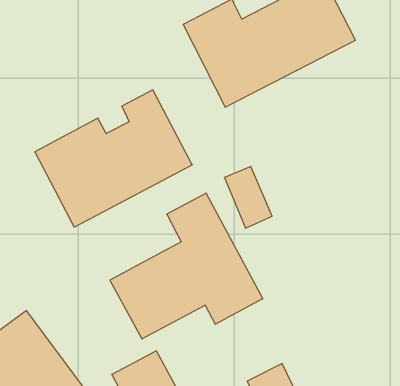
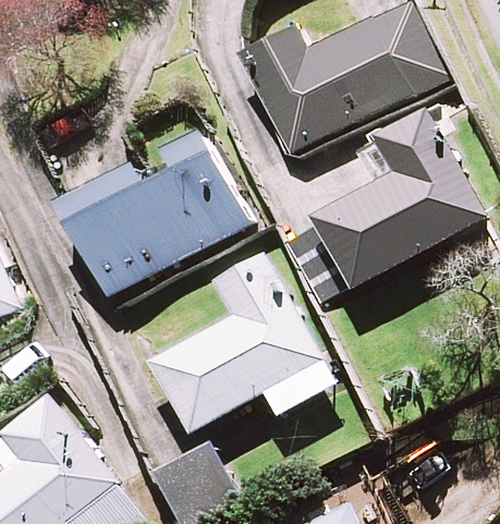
building: none -> [317,107,486,287]

